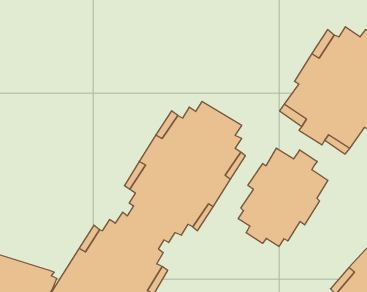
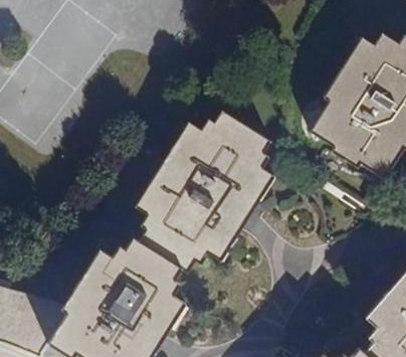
building: [238,148,328,247] -> none

